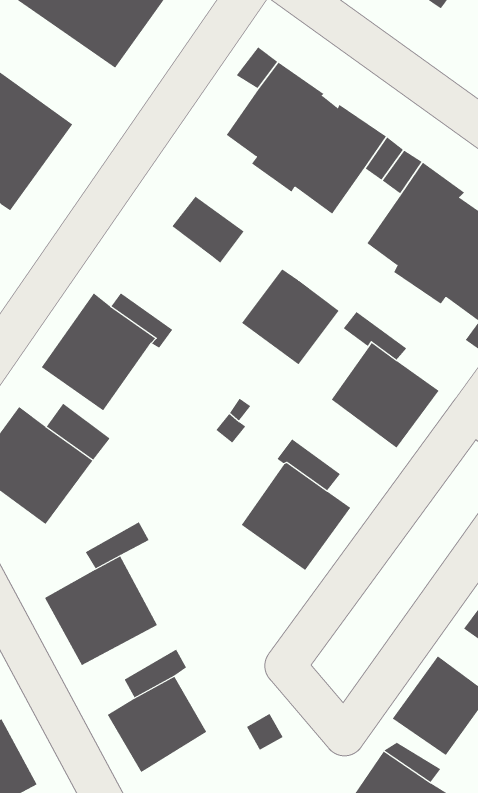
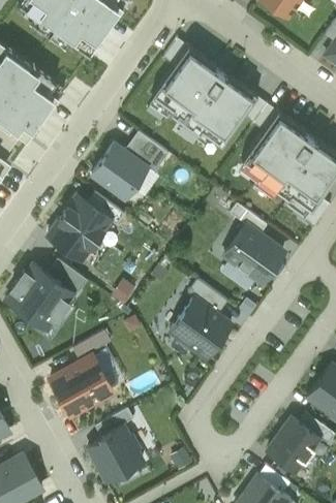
building: [241,268,340,365] -> [90,145,150,203]

